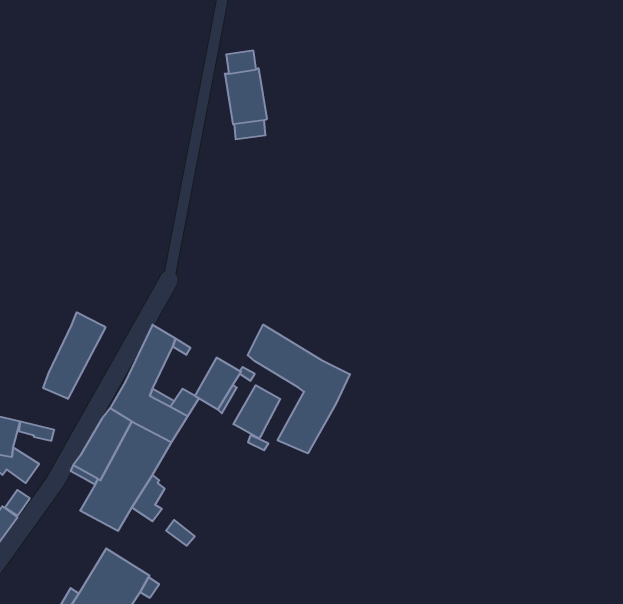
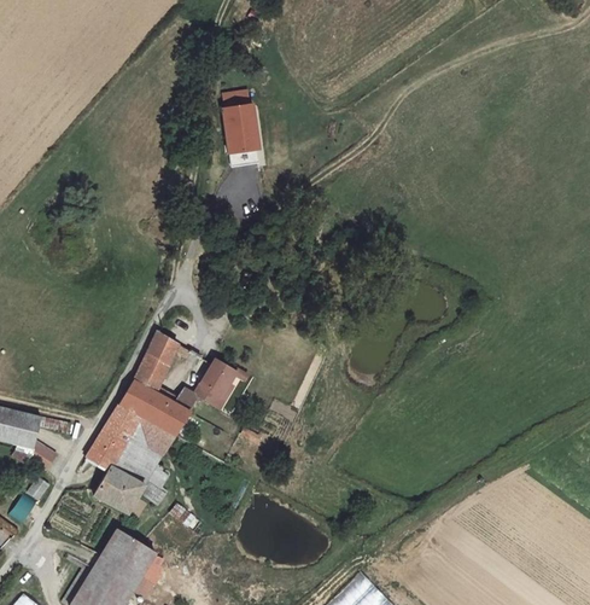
building: [43,312,105,399] -> none
building: [248,325,350,453] -> none
building: [233,385,280,439] -> none

